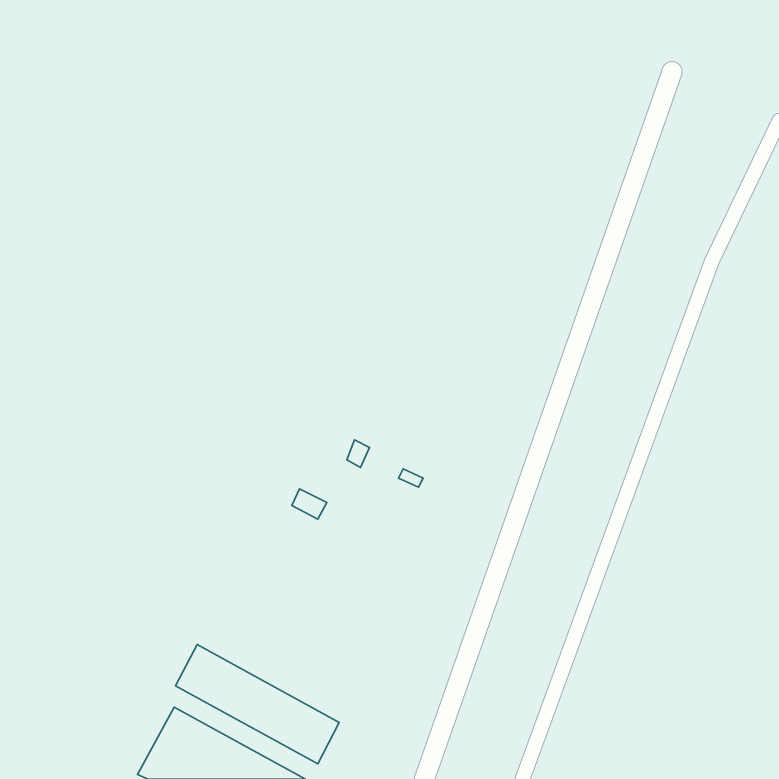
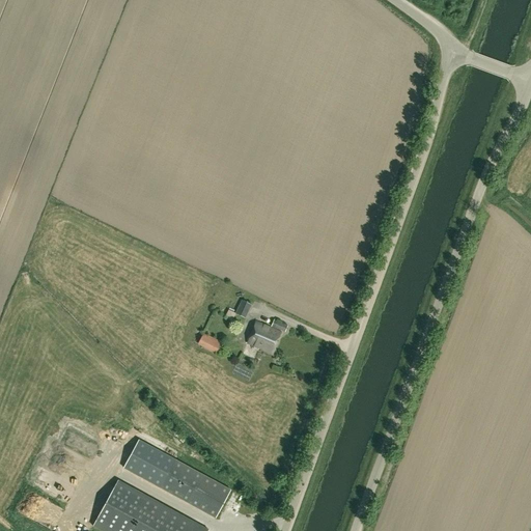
building: none -> [248,322,282,353]

